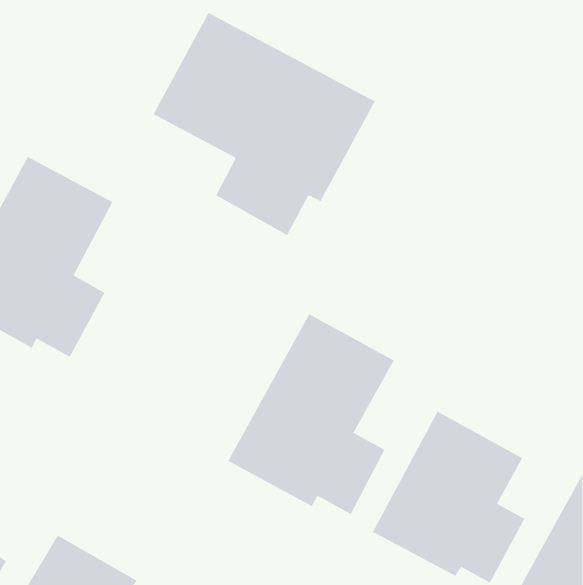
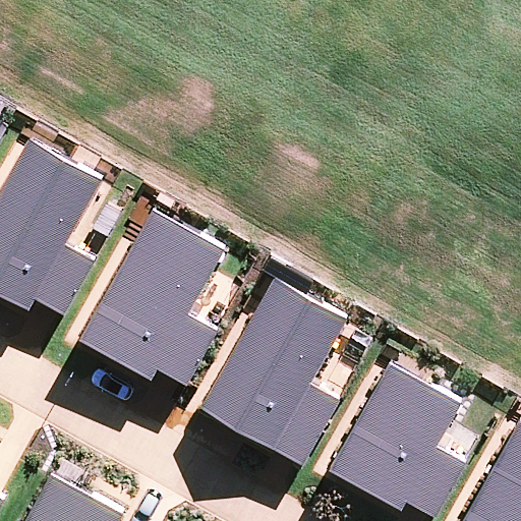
building: [153,12,376,236] -> none
building: none -> [76,207,224,386]

